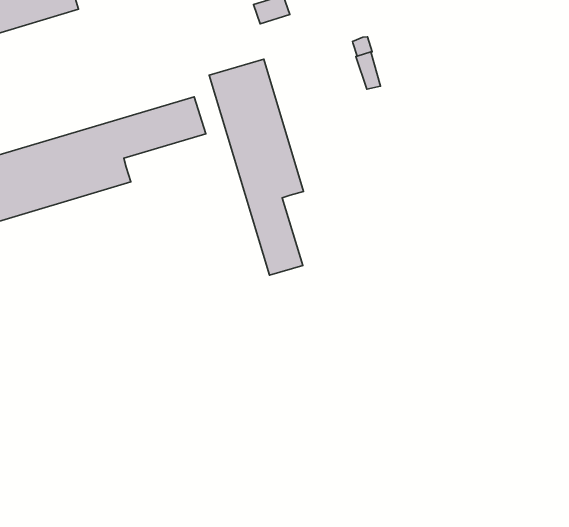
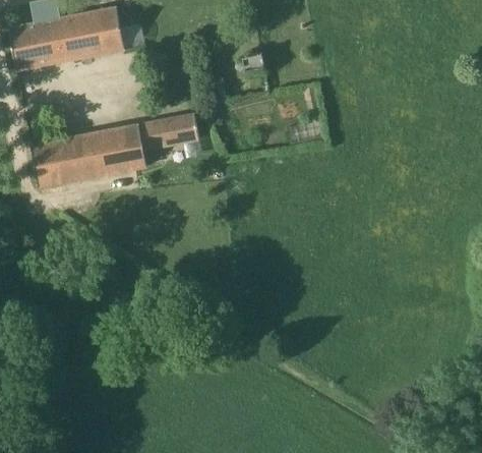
building: [209,59,303,275] -> none

